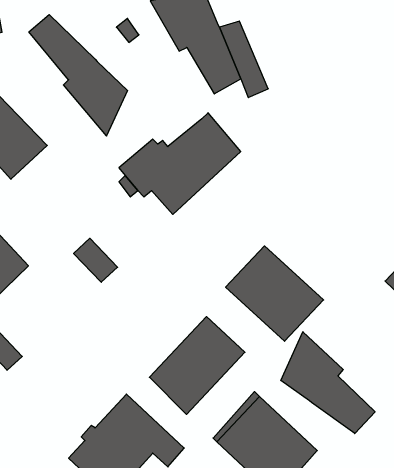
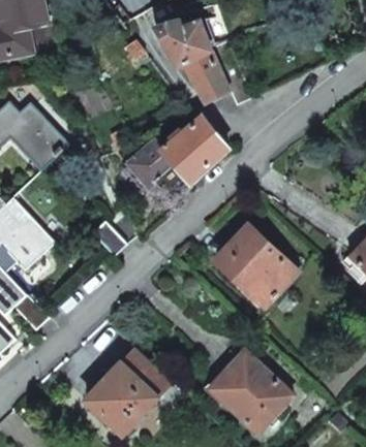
building: [29,15,128,136] -> none
building: [149,317,245,414] -> none
building: [281,332,375,434] -> none

